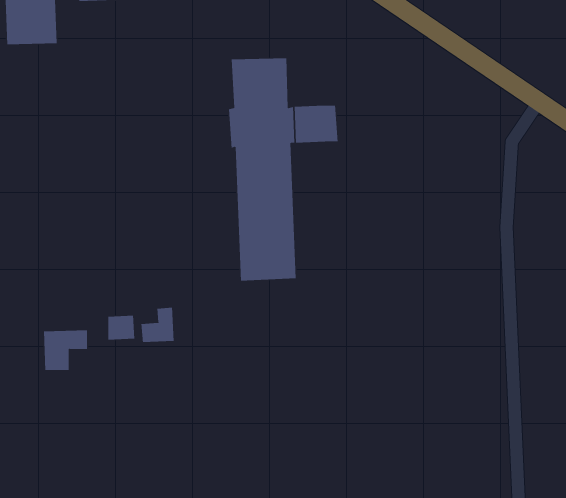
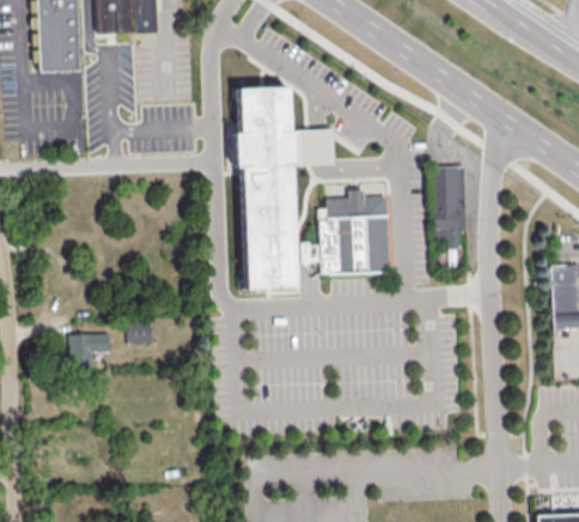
building: none -> [437,168,469,251]
building: none -> [306,189,395,278]
building: [141,307,174,343] -> none

